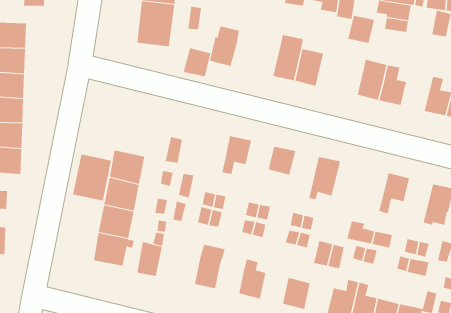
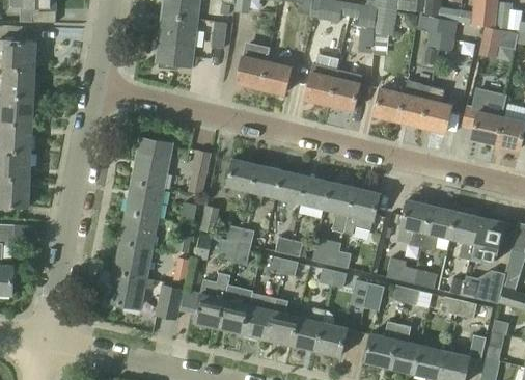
building: [347,15,375,44] -> [374,89,404,120]
building: [183,47,211,77] -> [259,62,291,94]
building: none -> [227,159,257,191]
building: none -> [276,170,306,202]
building: none -> [324,182,355,234]
building: [72,154,112,201] -> [131,136,174,188]
building: none -> [400,200,432,248]
building: none -> [449,212,480,261]
building: none -> [179,273,231,328]
building: none -> [243,304,274,338]
building: none -> [292,309,325,350]

